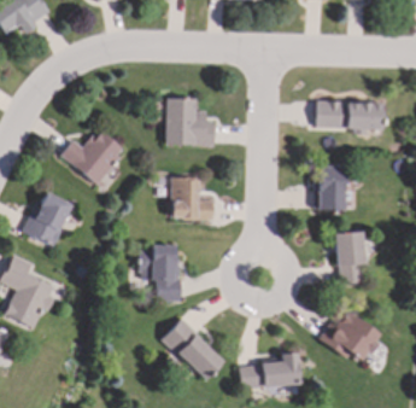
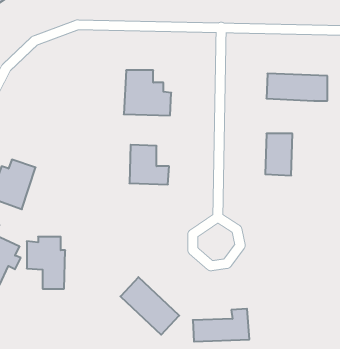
building: [61,129,124,183] -> none
building: [335,232,364,284] -> none
building: [140,245,181,301] -> [27,237,65,289]
building: [318,310,380,361] -> none

